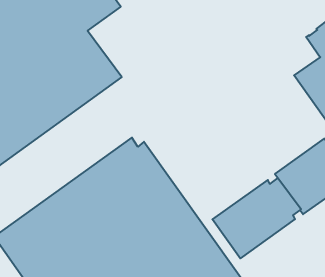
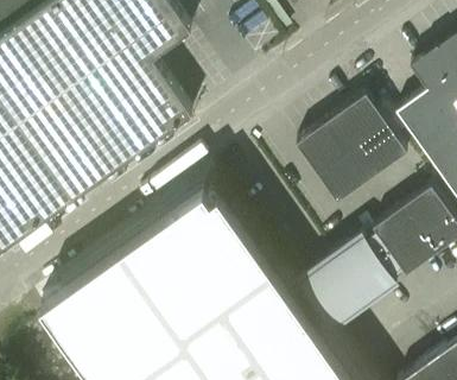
building: none -> [292,100,404,208]

